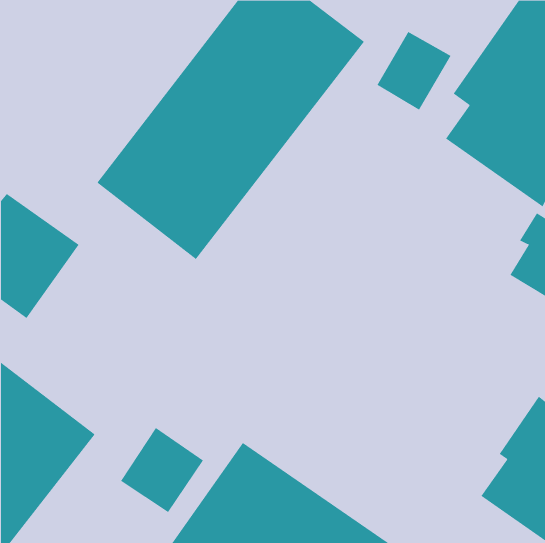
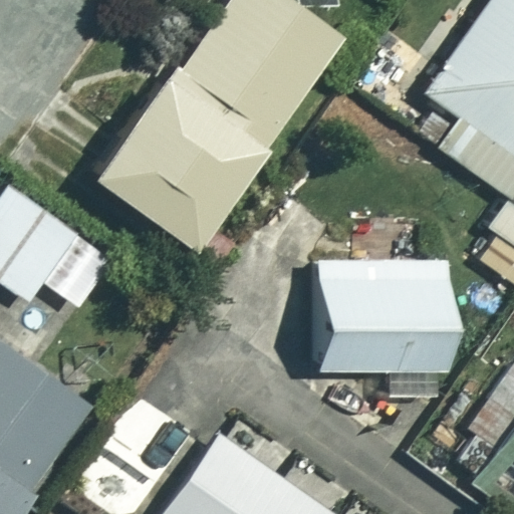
building: none -> [316,259,454,396]

